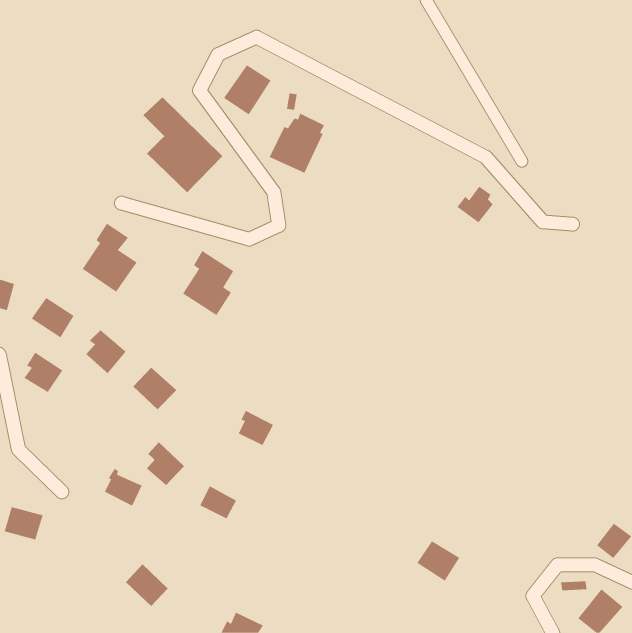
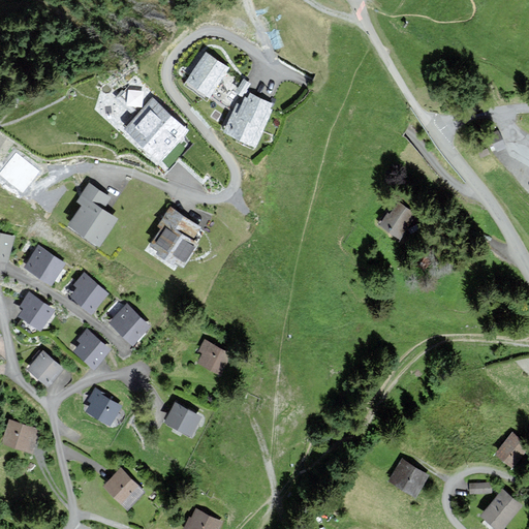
building: [456,186,494,223] -> [379,205,410,236]
building: none -> [29,352,60,384]
building: [146,441,185,486] -> [76,329,108,366]
building: [417,540,460,581] -> [391,461,427,495]

